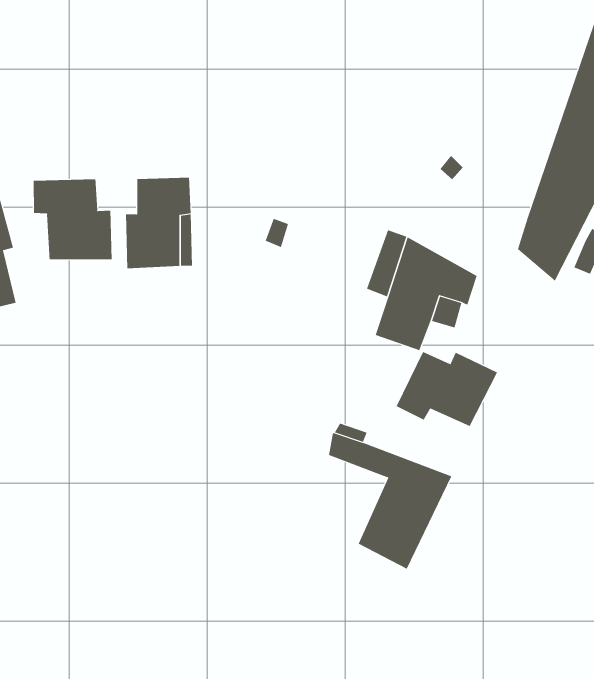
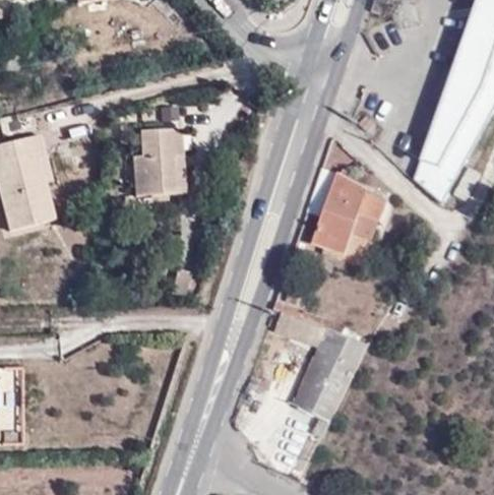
building: [33,179,112,260] -> none
building: [396,351,498,427] -> none

